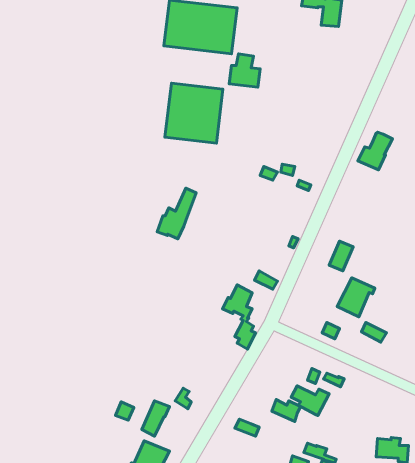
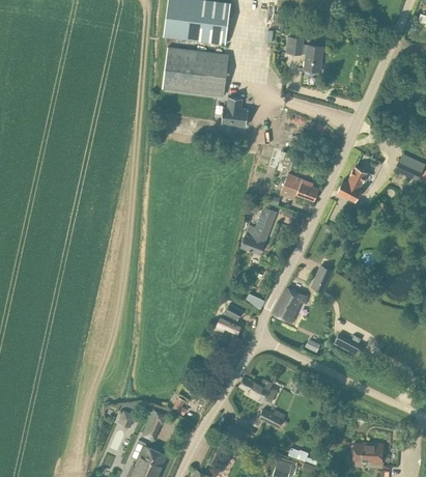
building: [165,83,223,143] -> none
building: none -> [280,174,319,201]
building: [157,188,196,239] -> [240,208,276,254]
building: [337,278,375,317] -> [273,288,307,324]
building: [291,386,329,416] -> [238,376,273,403]

